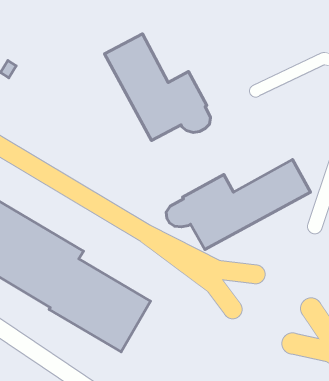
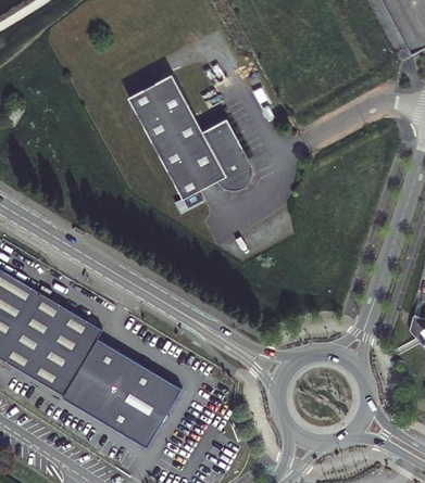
building: [166,160,310,250] -> none

